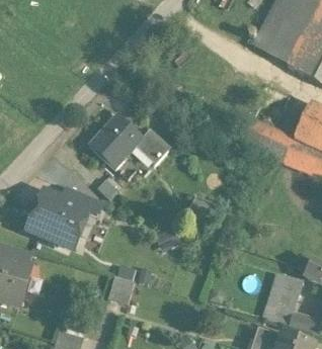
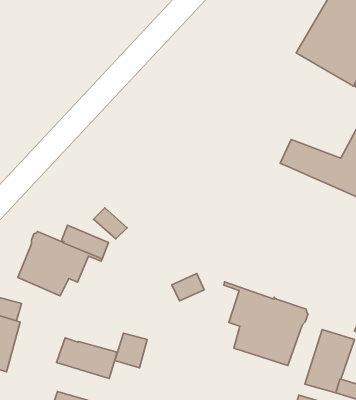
building: [88,112,168,168] -> none
building: none -> [224,282,308,365]
building: none -> [57,338,117,378]

